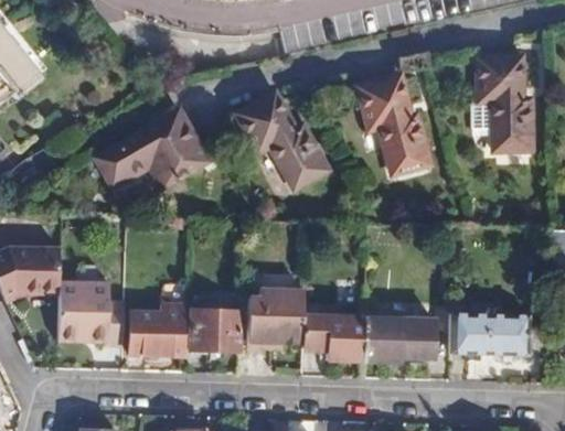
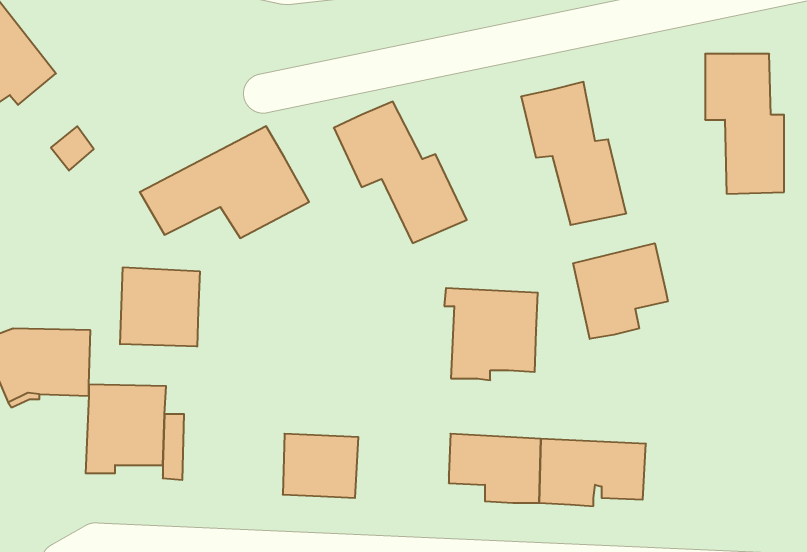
building: none -> [573,243,668,339]
building: none -> [120,267,200,347]
building: [244,287,307,348] -> [444,288,538,380]
building: [131,303,188,355] -> none
building: [451,314,530,357] -> none

